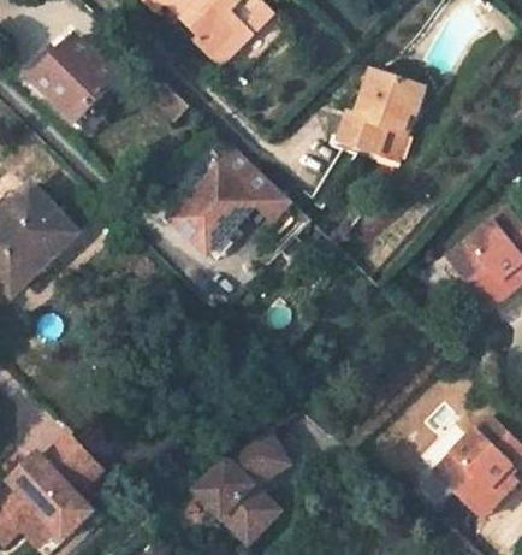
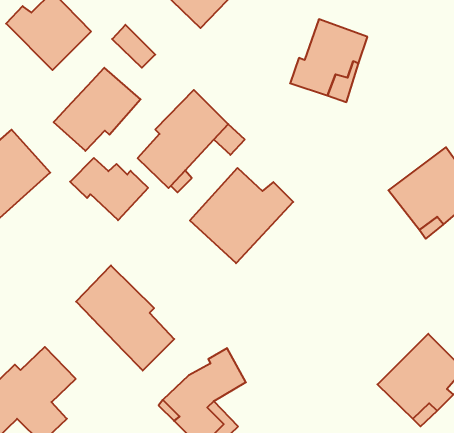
building: none -> [54,68,141,151]
building: none -> [70,158,148,220]
building: none -> [190,168,293,263]
building: none -> [76,265,174,371]

